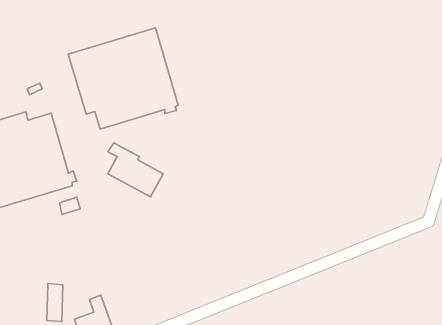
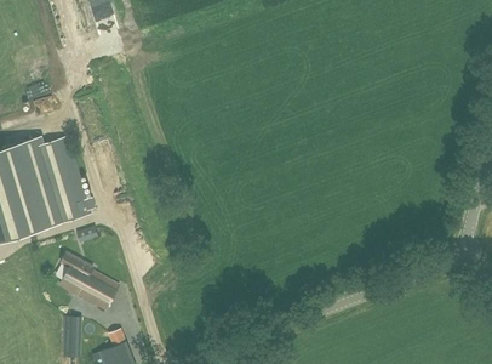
building: [68,28,178,129] -> none
building: [108,143,163,197] -> [61,252,119,309]

